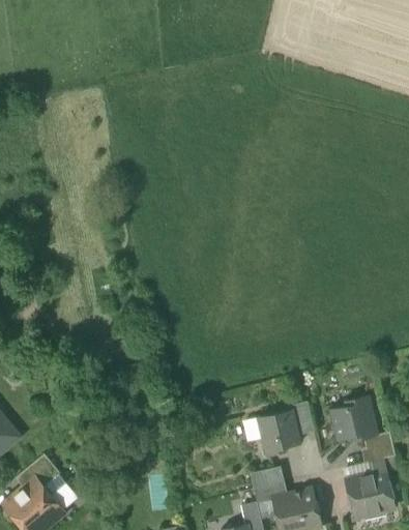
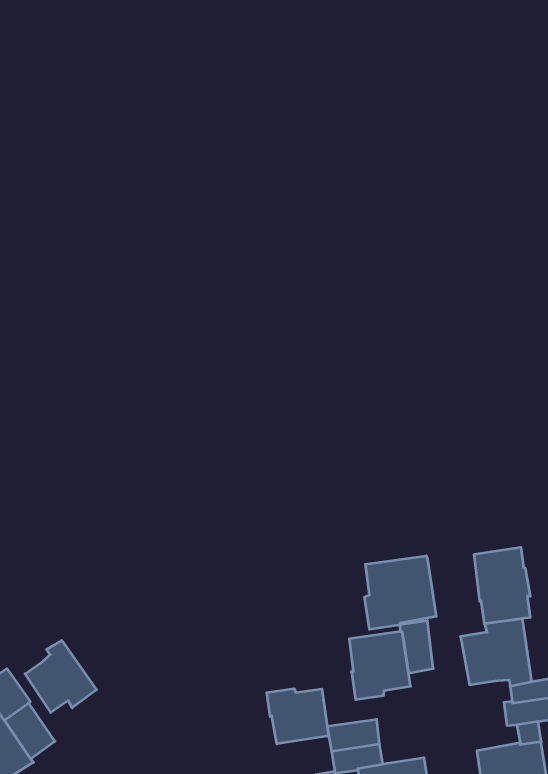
building: none -> [474,547,530,624]
building: none -> [365,556,436,629]
building: none -> [25,640,97,713]
building: none -> [267,689,328,744]

